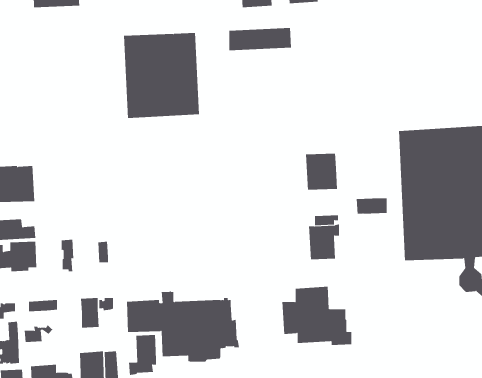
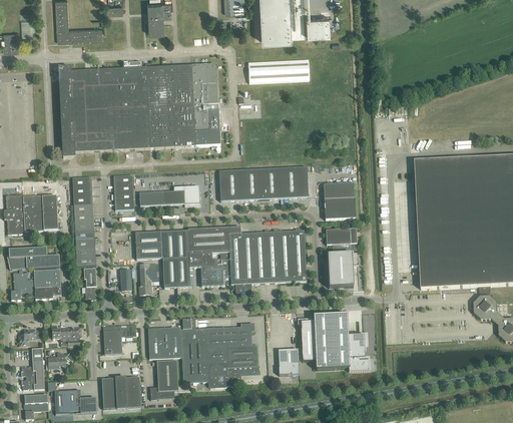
building: none -> [59,66,149,156]
building: none -> [218,166,309,200]
building: none -> [113,174,134,209]
building: none -> [72,176,96,266]
building: none -> [139,184,201,205]
building: none -> [135,226,307,299]
building: [356,198,388,214] -> [326,228,357,244]
building: none -> [139,263,159,295]
building: none -> [279,348,300,375]

